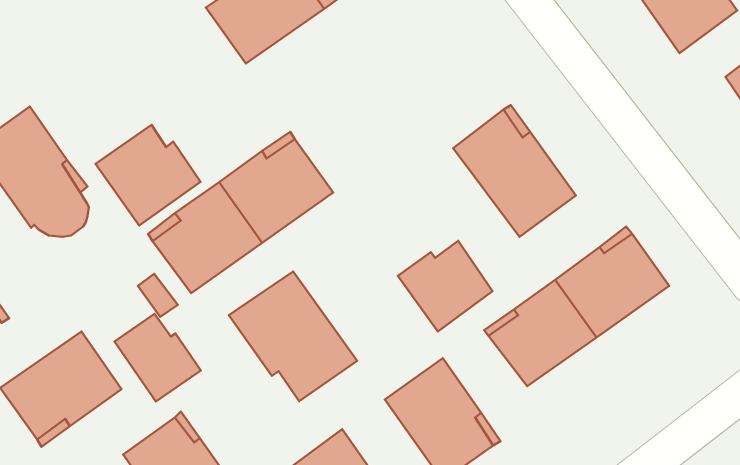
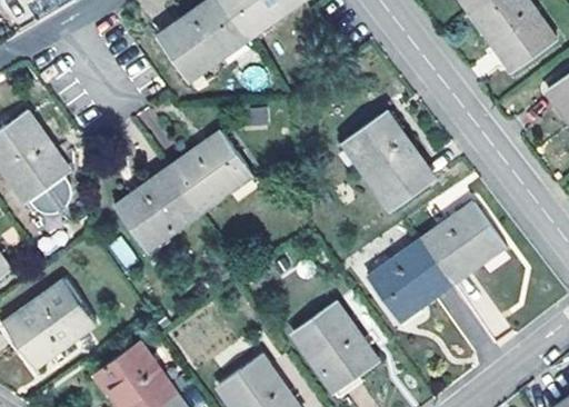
building: [95,125,201,225] -> none
building: [398,241,493,332] -> none
building: [229,272,357,401] -> none
building: [114,314,201,401] -> none

